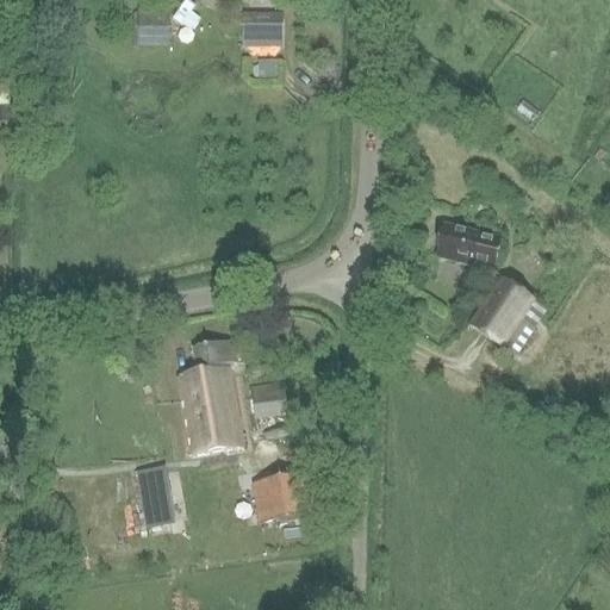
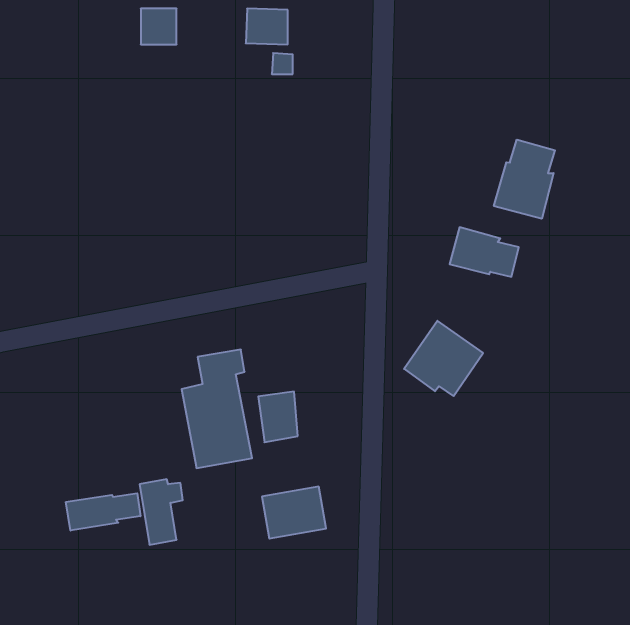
building: none -> [494,140,555,219]
building: [469,276,546,349] -> [404,321,483,396]
building: none -> [66,493,140,531]

